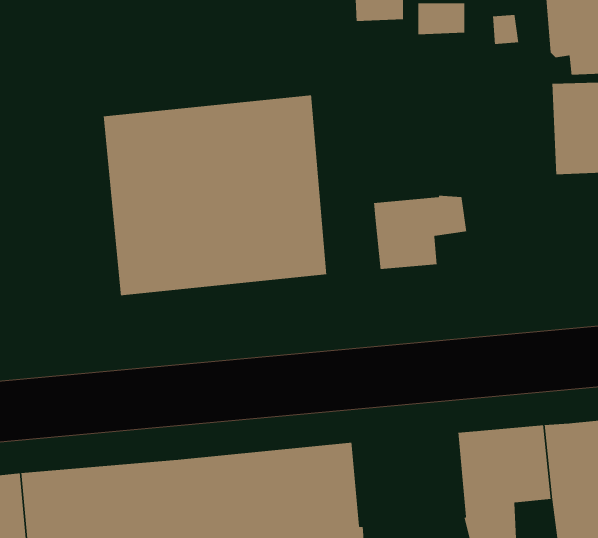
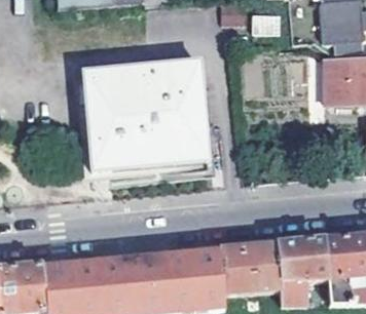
building: [373,195,467,270] -> none
building: none -> [217,243,278,293]

